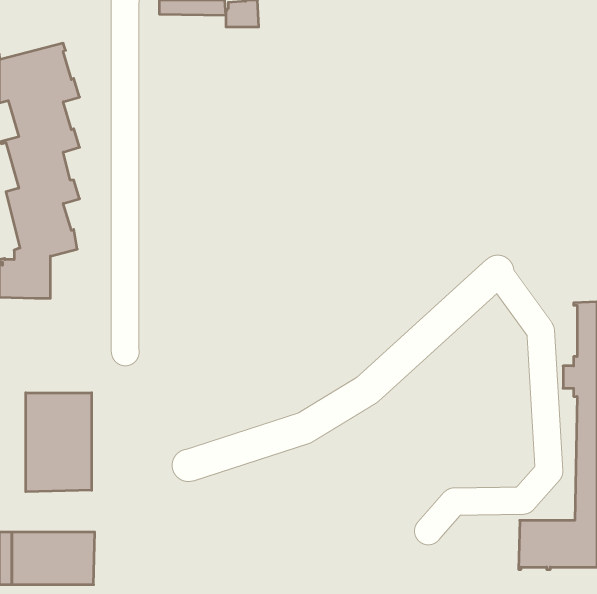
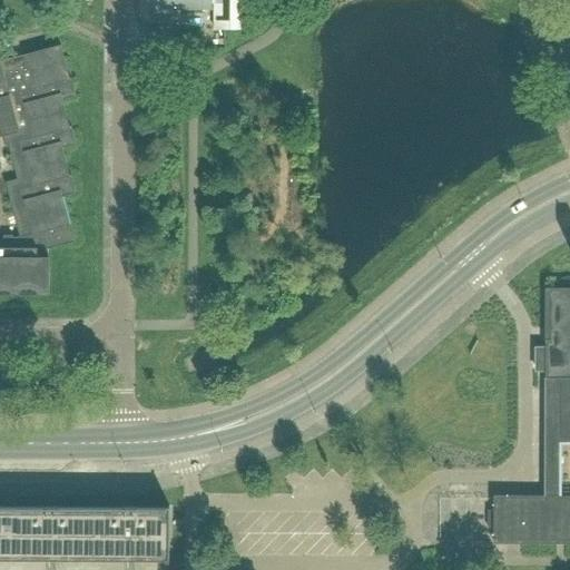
building: [26,393,92,492] -> none
building: none -> [89,509,169,562]

